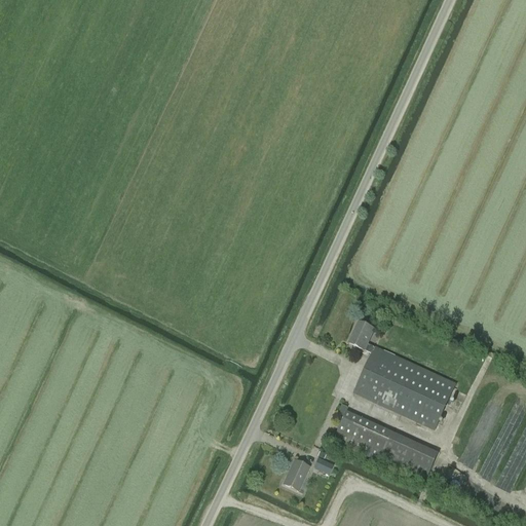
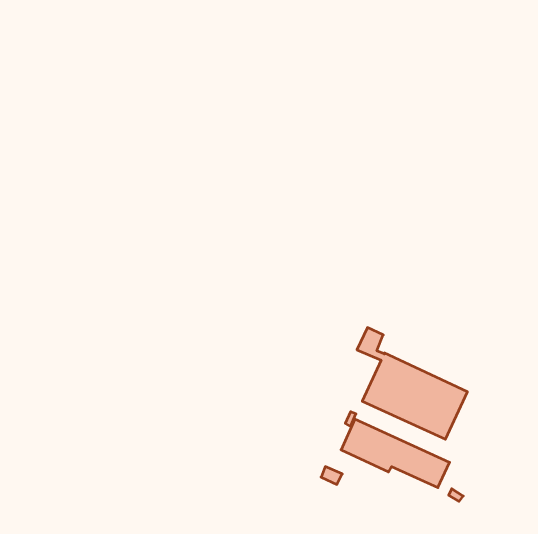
building: [283,458,309,489] -> none

